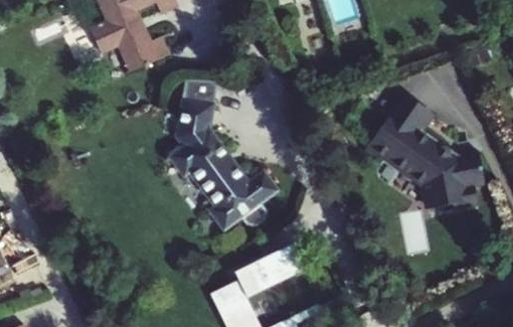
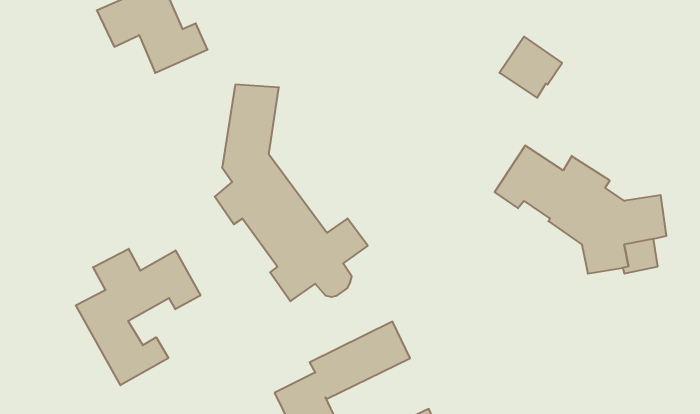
building: [386,97,430,139] -> [499,37,562,98]
building: none -> [76,249,200,385]

